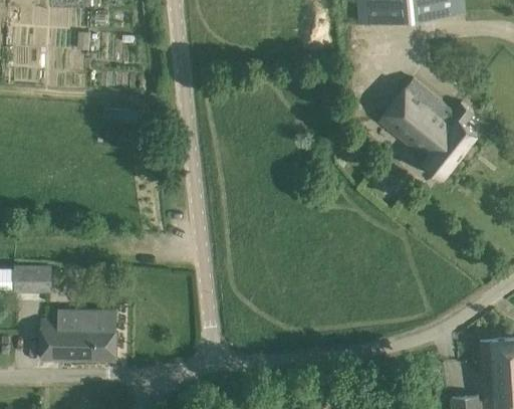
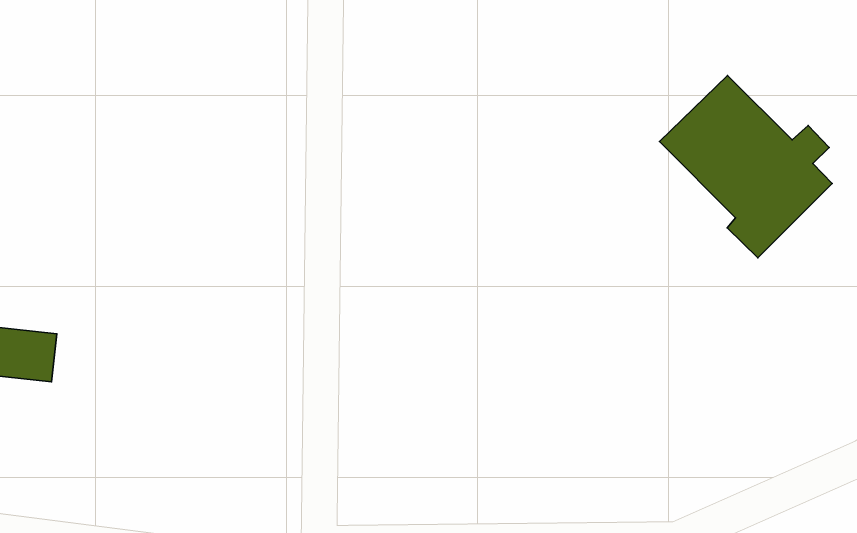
building: [42,311,115,360] -> none

